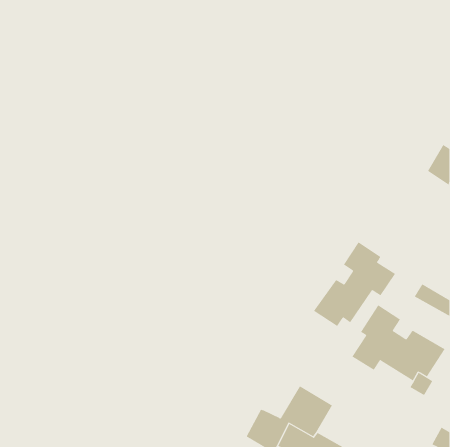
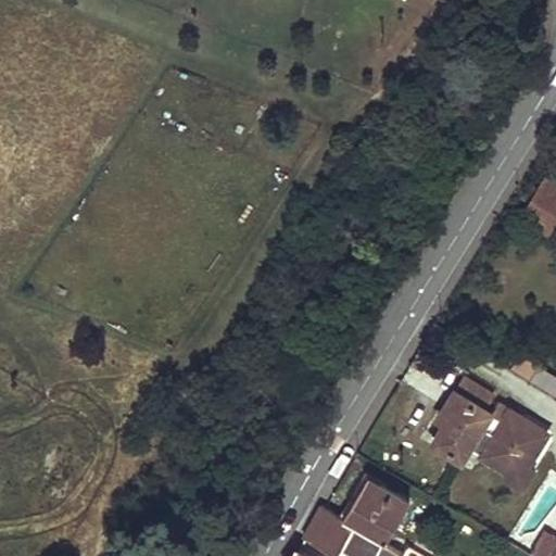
building: [313,241,396,327] -> none

